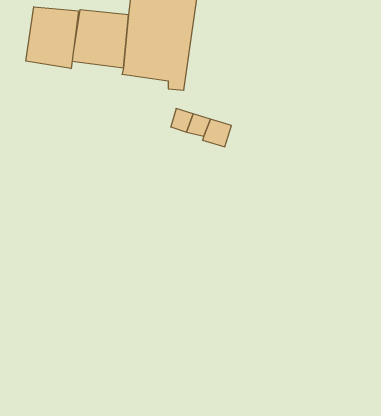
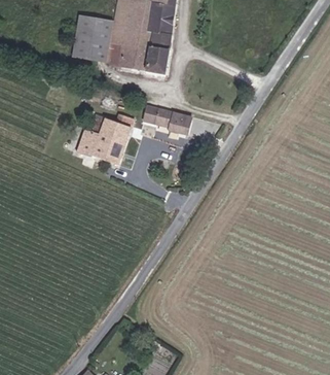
building: [26,7,78,69] -> none
building: none -> [78,111,136,163]

